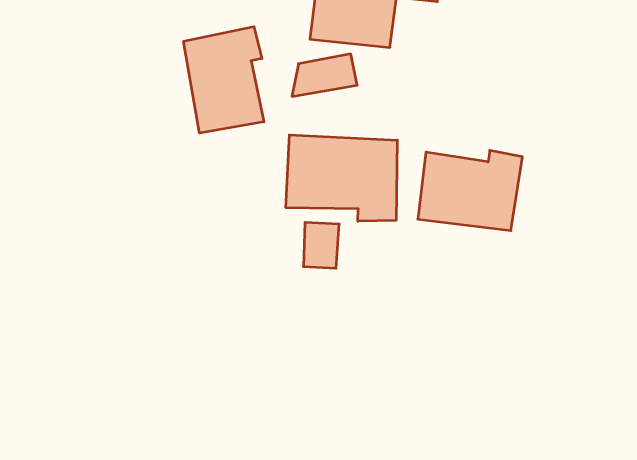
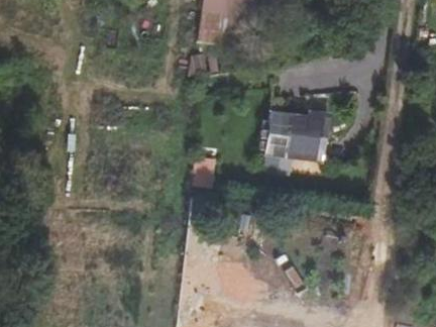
building: [184,27,264,133] -> none
building: [286,135,397,221] -> none

